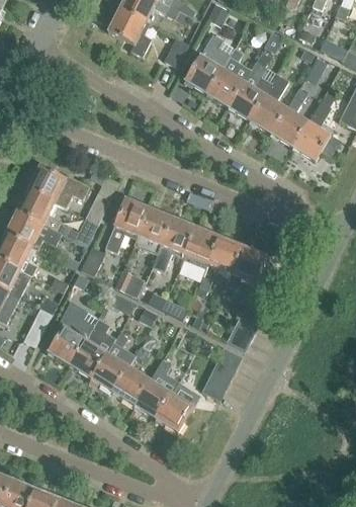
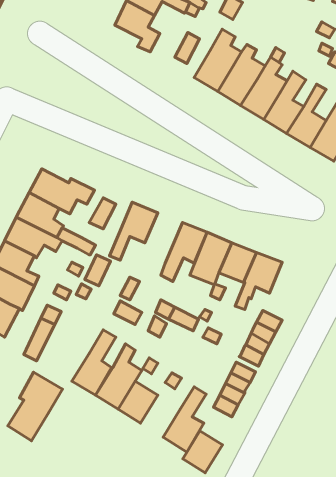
building: [134,207,173,255] -> none
building: [47,302,98,366] -> [8,372,63,441]
building: [134,379,171,419] -> [183,431,222,473]

